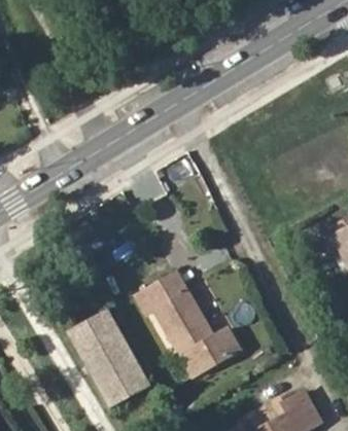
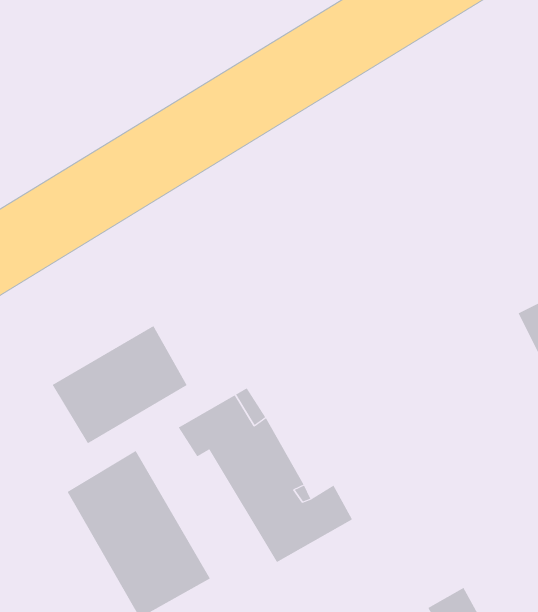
building: none -> [52,325,188,444]

